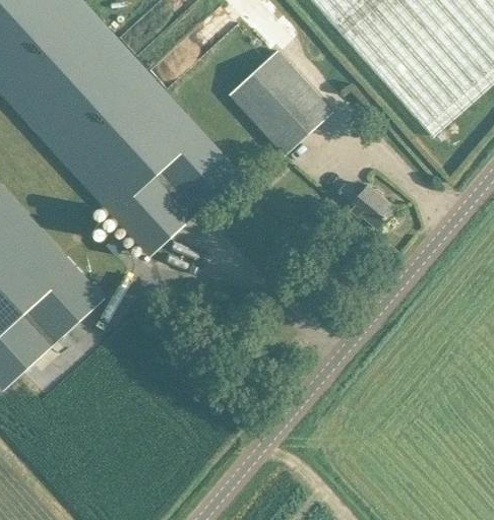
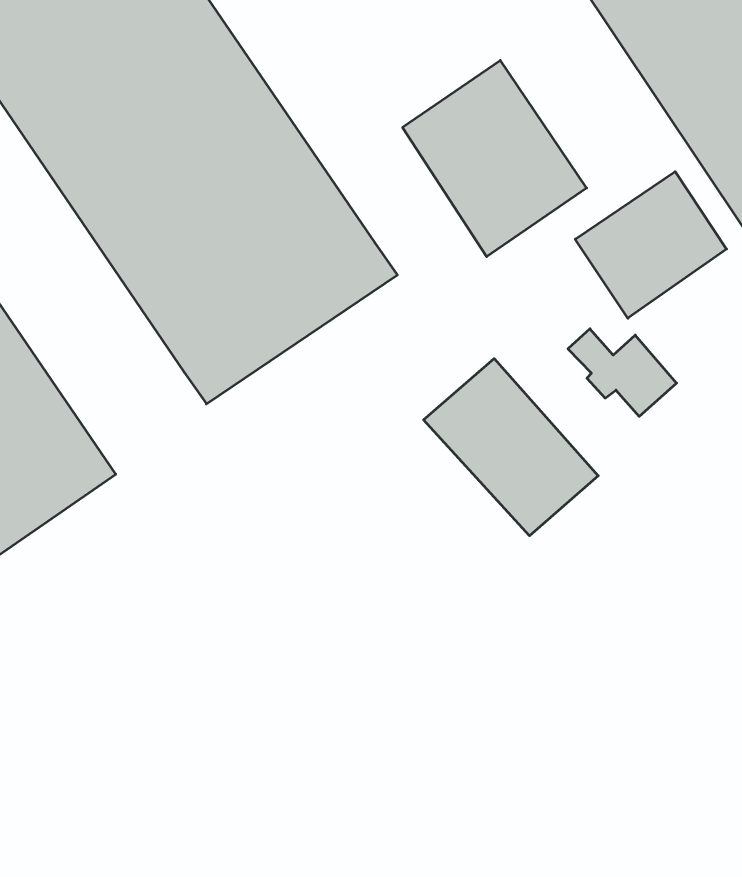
building: none -> [575,172,727,318]
building: none -> [424,359,598,536]

